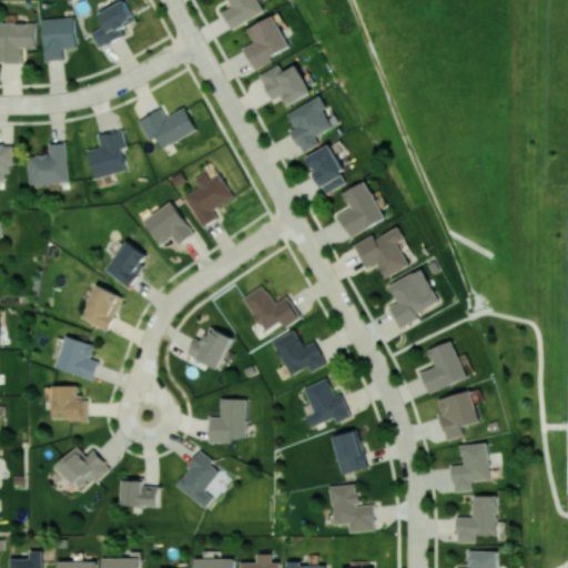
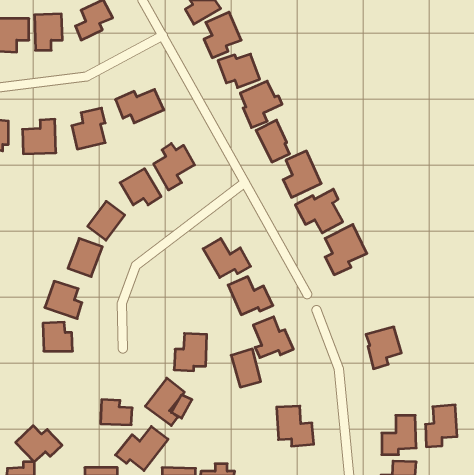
building: [186,326,232,369] -> none
building: [419,341,465,393] -> none
building: [331,429,366,475] -> [231,349,261,387]
building: [450,443,488,493] -> [425,405,457,447]
building: [54,446,110,489] -> [16,426,62,462]
building: none -> [115,426,168,471]

